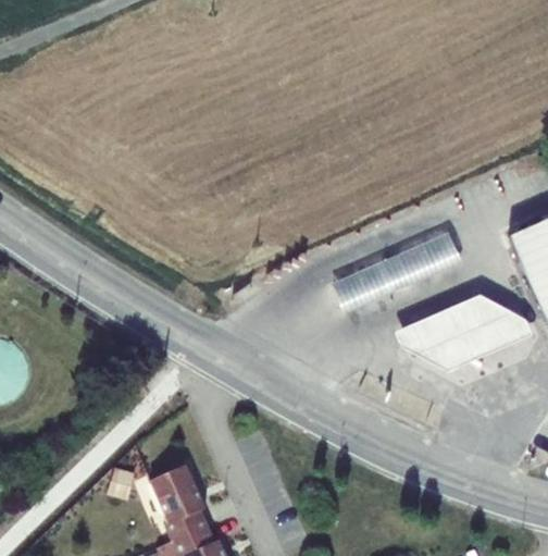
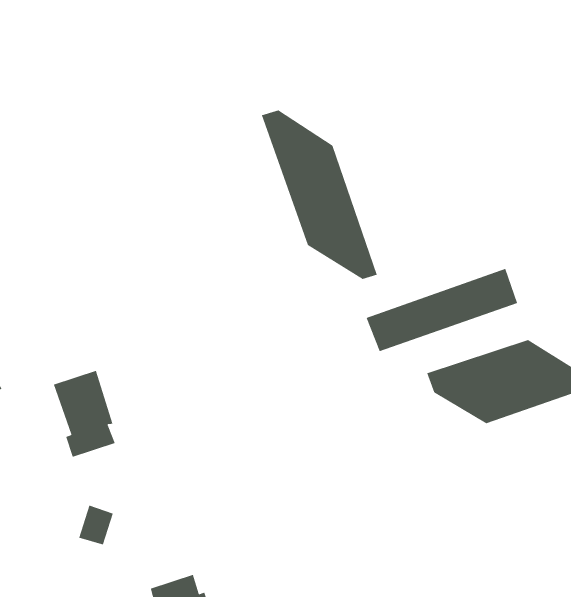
building: none -> [261,110,378,280]
building: [150,456,208,532] -> [53,370,116,458]

